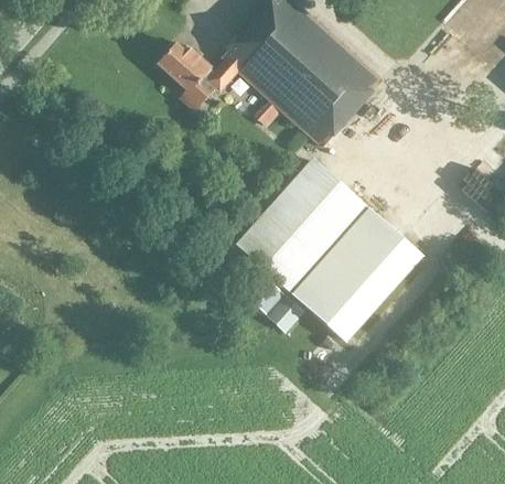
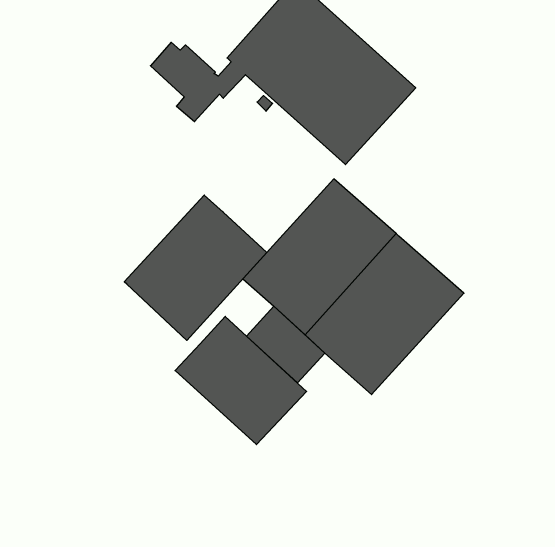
building: none -> [124,195,267,340]
building: none -> [175,316,307,445]

